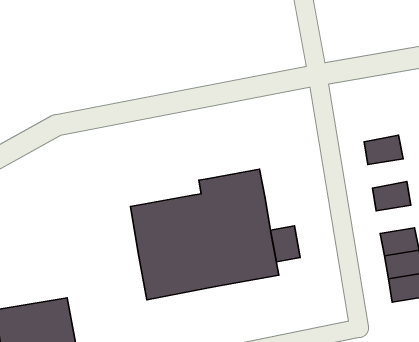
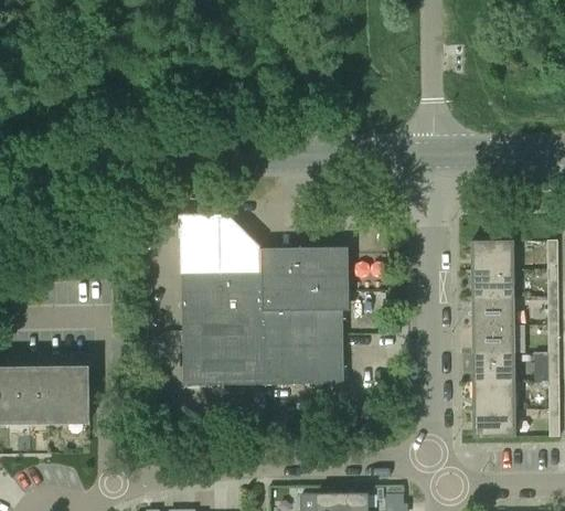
building: none -> [180,203,258,274]
building: none -> [471,270,514,299]
building: none -> [472,327,514,354]
building: [270,226,300,262] -> none

